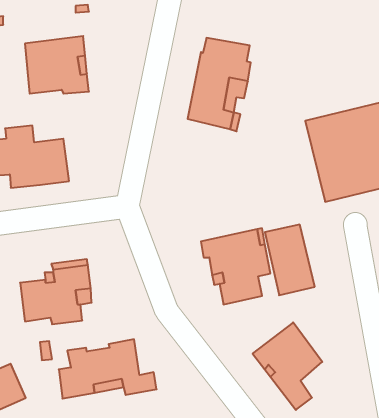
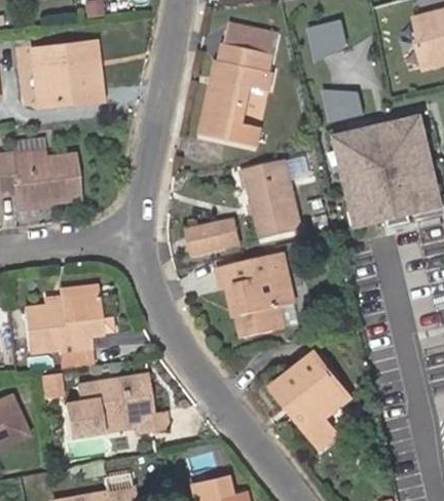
building: none -> [307,17,346,59]
building: none -> [226,21,279,52]
building: none -> [322,86,363,119]
building: none -> [187,221,233,253]
building: [265,225,315,295] -> [248,157,302,234]

